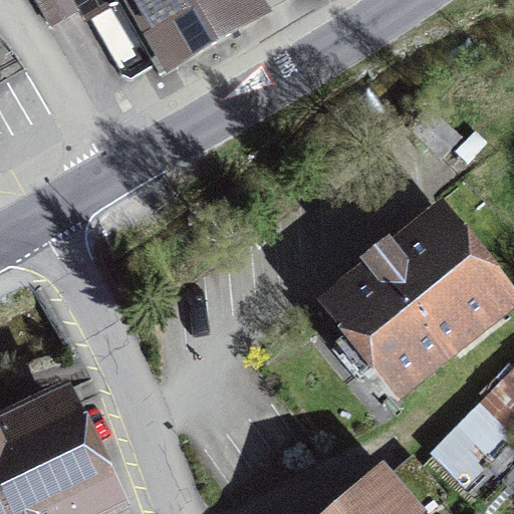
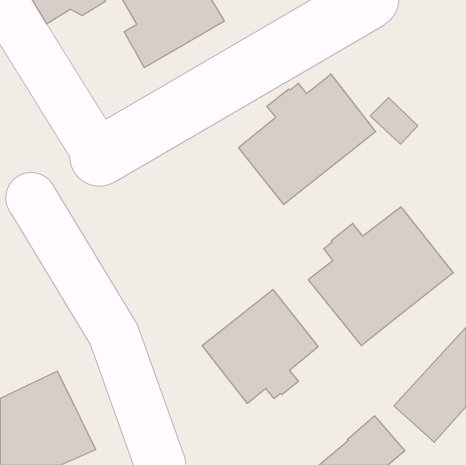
building: none -> [239,74,376,205]
building: none -> [202,290,318,403]

